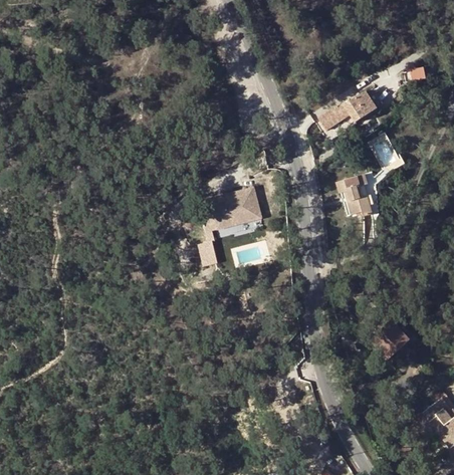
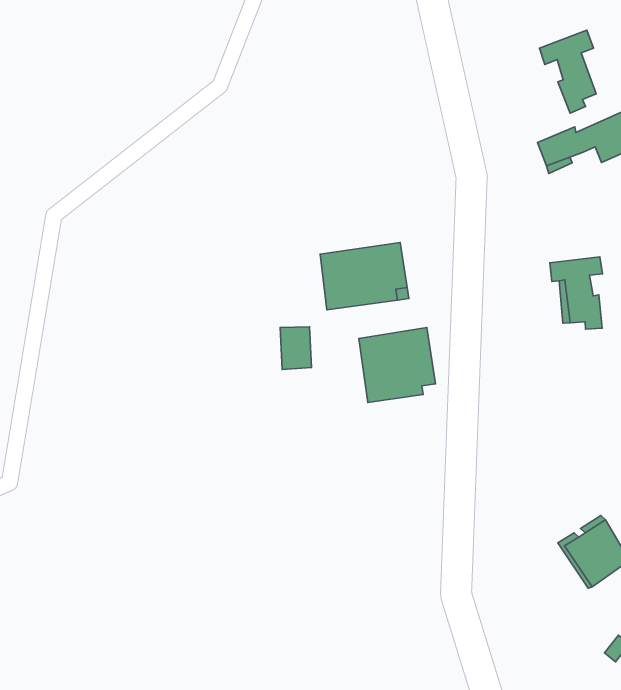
building: none -> [539,30,596,113]
building: none -> [359,328,436,402]

